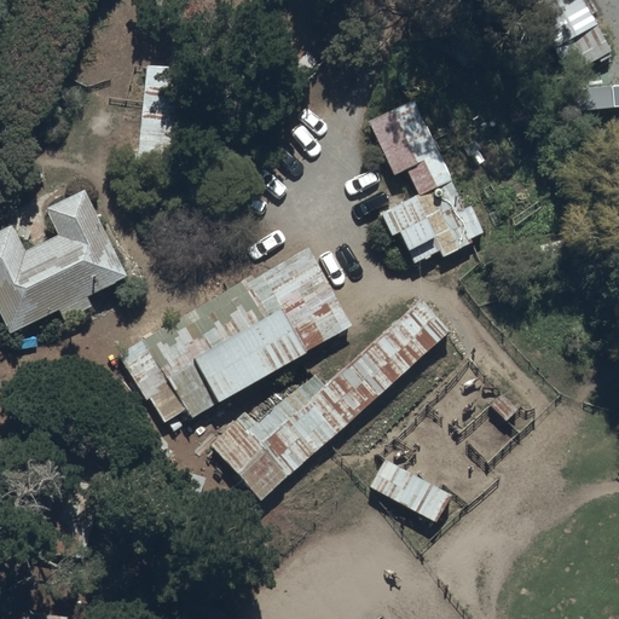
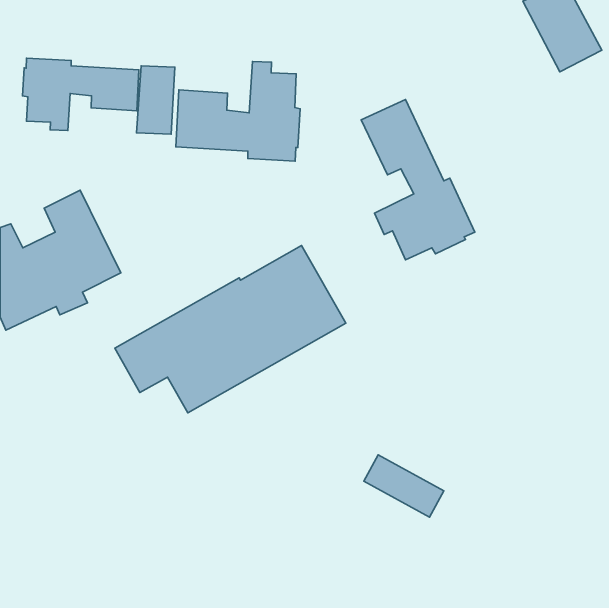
building: none -> [23,58,139,130]
building: none -> [176,62,300,161]
building: [209,300,450,499] -> none

